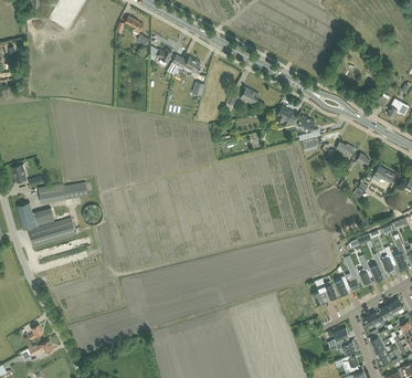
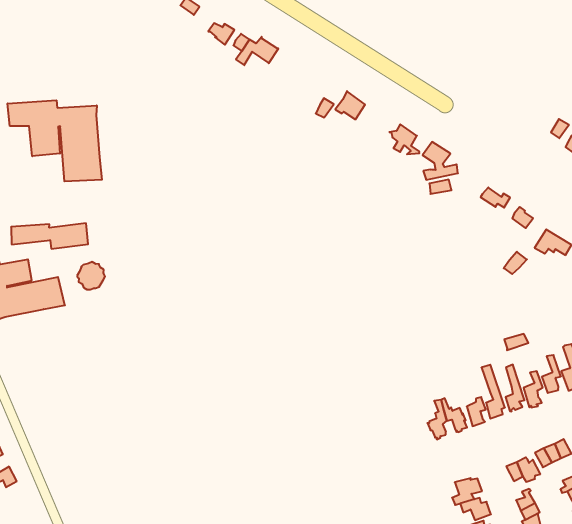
building: none -> [8,100,102,181]

